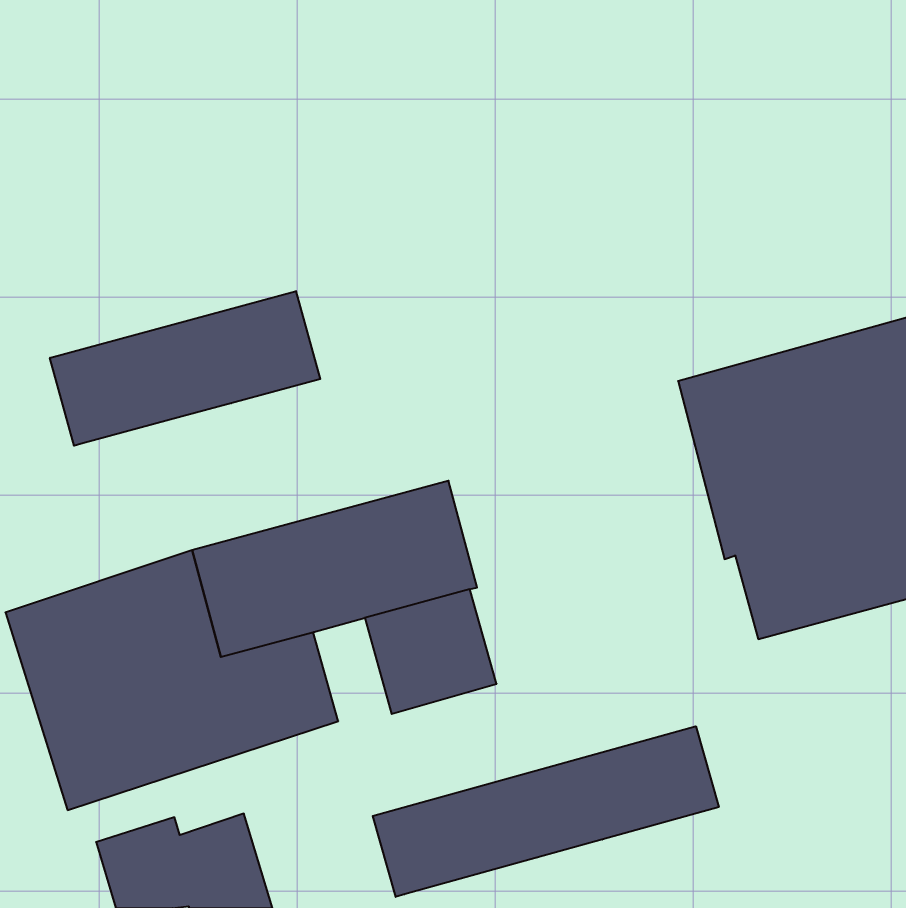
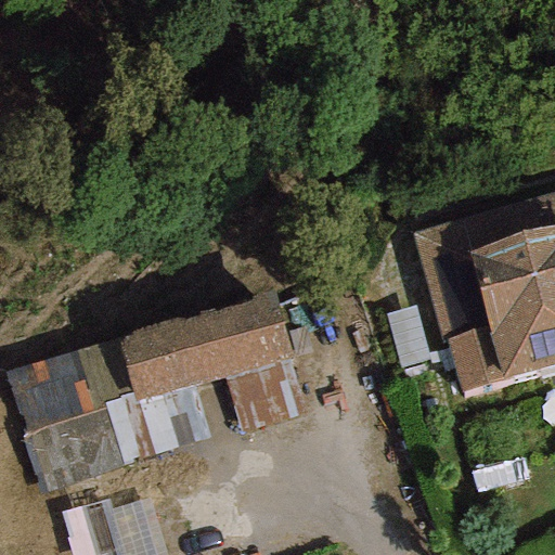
building: [50,291,320,446] -> none
building: [373,726,719,897] -> none

